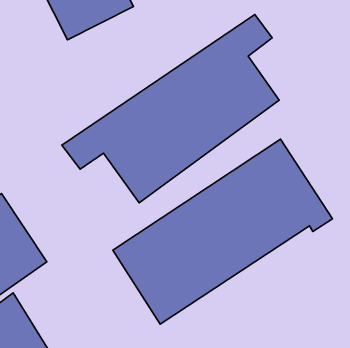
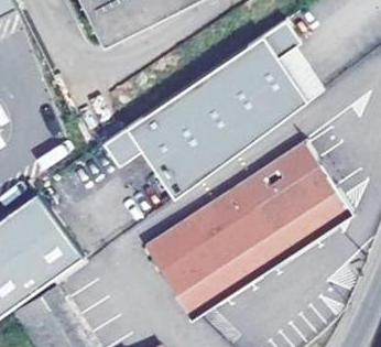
building: none -> [275,47,325,104]

